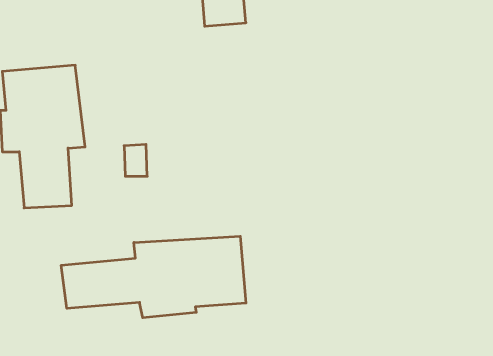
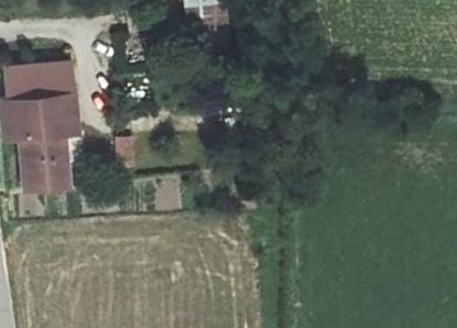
building: [61,236,246,318] -> none

